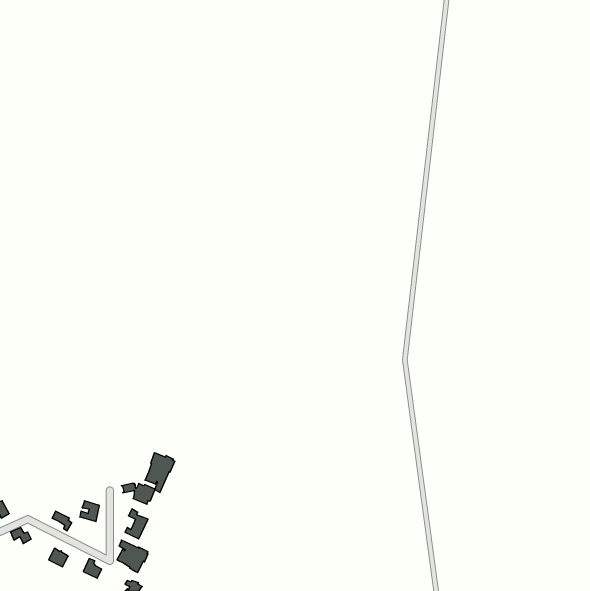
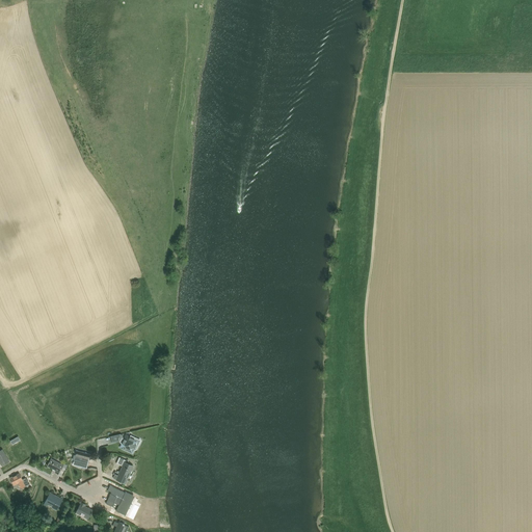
building: [145,453,175,493] -> none

